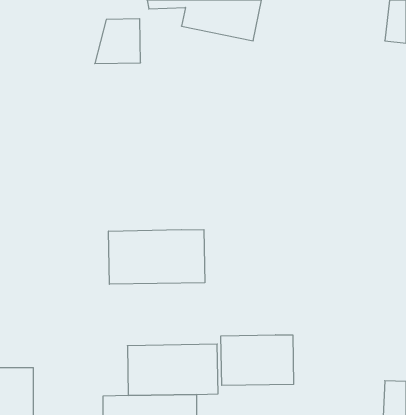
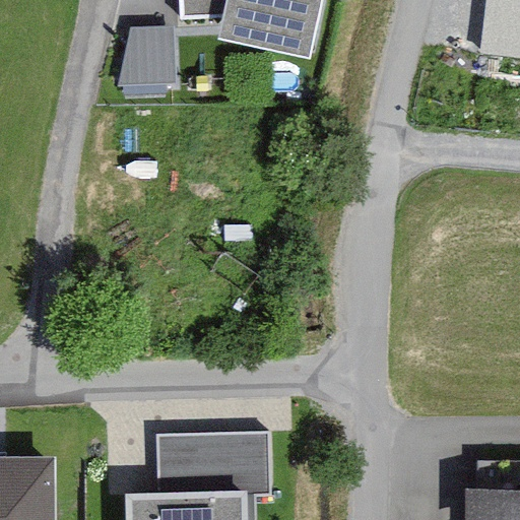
building: [109,230,205,284] -> none
building: [221,335,294,385] -> none

